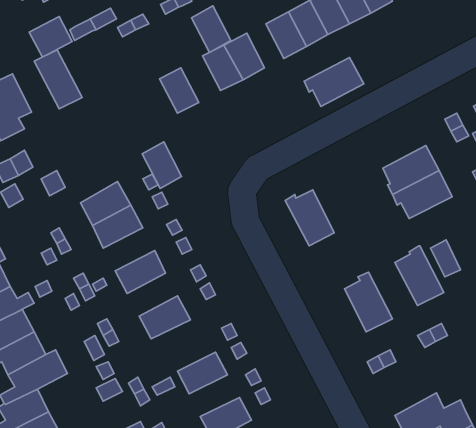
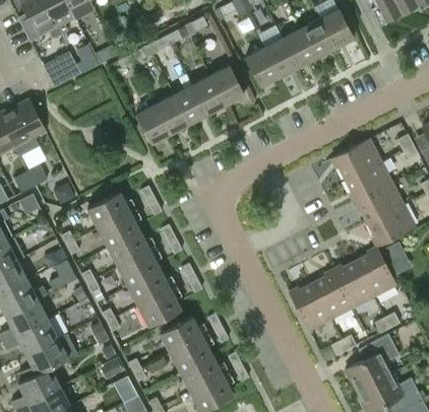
building: [191,6,231,53] -> [173,85,206,125]
building: [34,50,82,109] -> none
building: [304,57,364,106] -> [330,139,381,181]
building: [142,142,182,189] -> [136,105,170,144]
building: [285,190,334,246] -> [289,283,330,331]
building: none -> [367,205,415,247]
building: none -> [107,231,150,268]
building: none -> [332,261,374,308]
building: none -> [127,270,170,306]
building: none -> [160,317,202,353]
building: none -> [345,334,399,391]
building: none -> [180,356,223,392]

